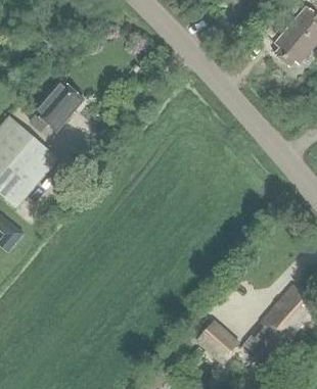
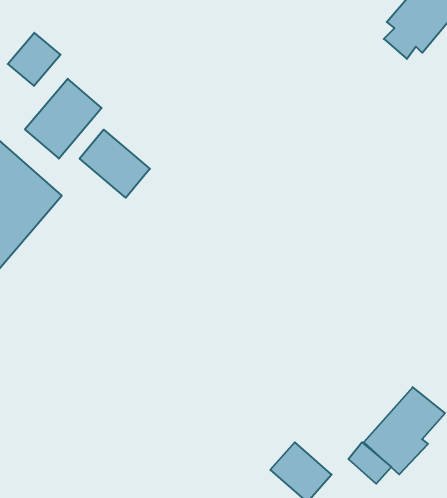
building: none -> [8,33,61,86]
building: none -> [80,130,150,198]

